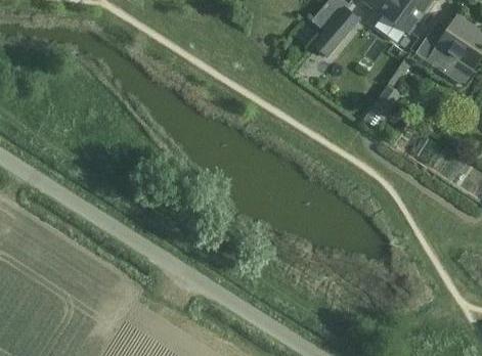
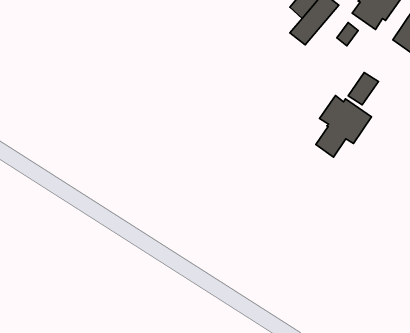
building: none -> [316,96,371,157]

